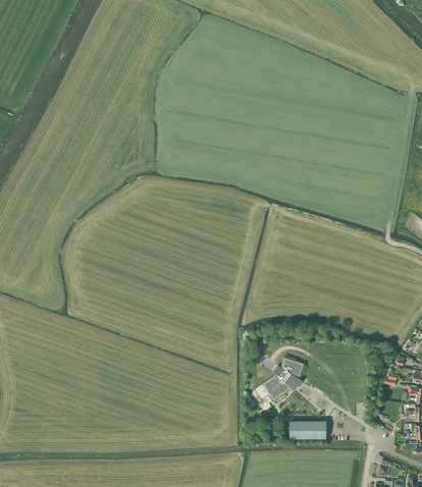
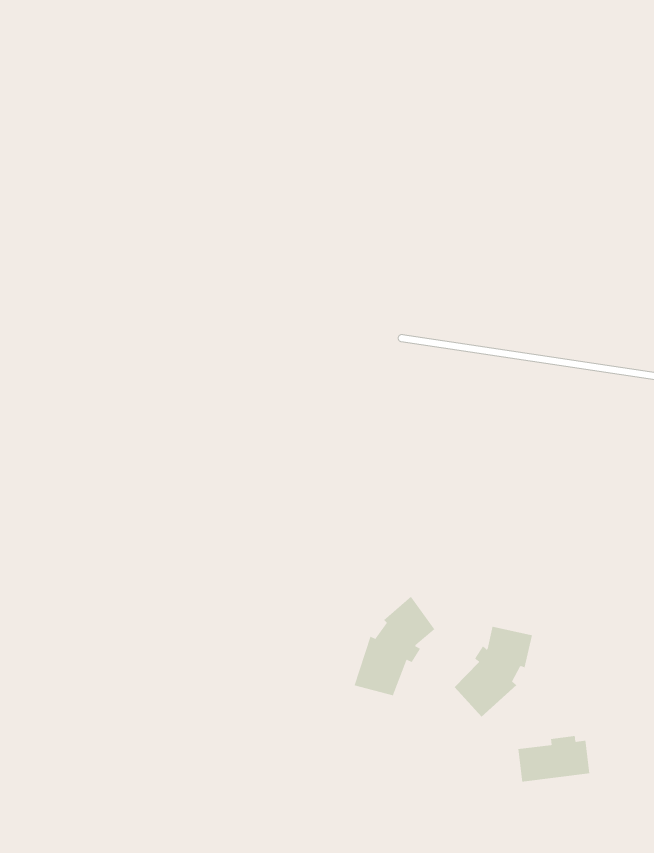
building: none -> [354,596,435,696]

